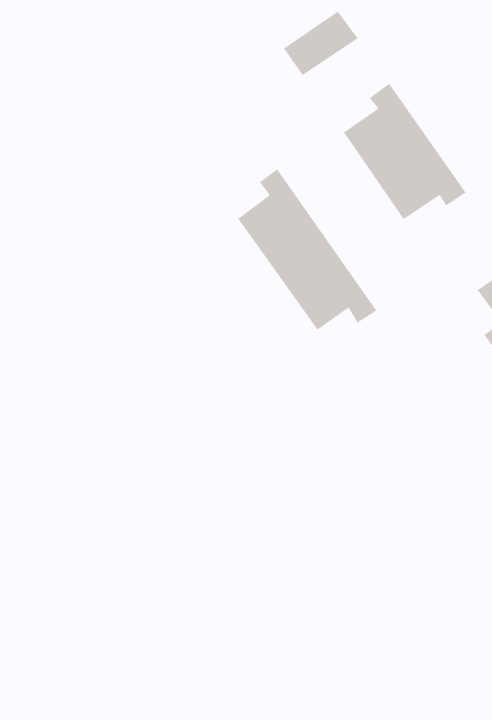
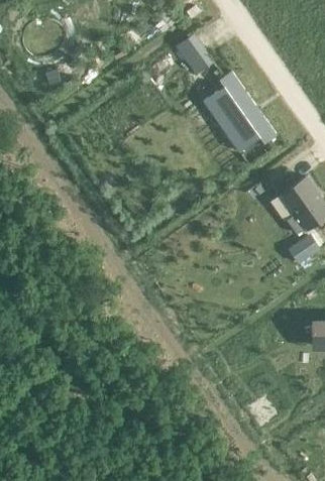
building: [238,168,377,331] -> none

